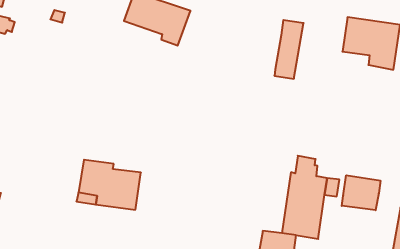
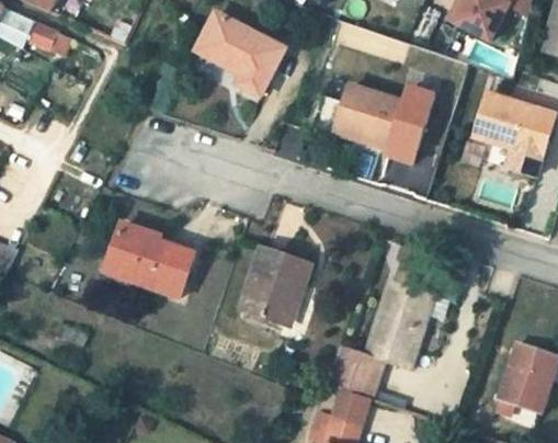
building: none -> [330,84,399,145]
building: none -> [241,247,304,320]
building: [342,175,380,210] -> none

